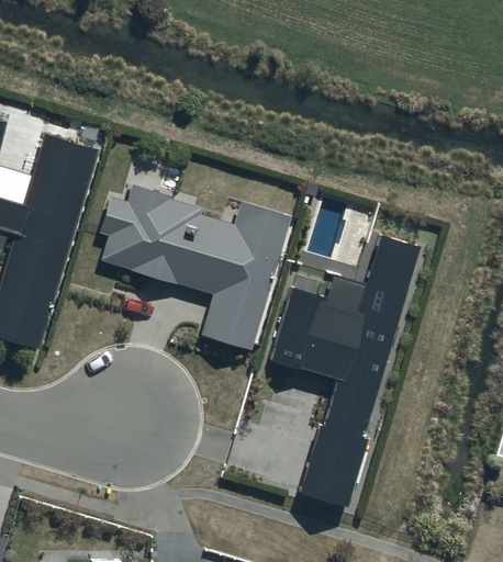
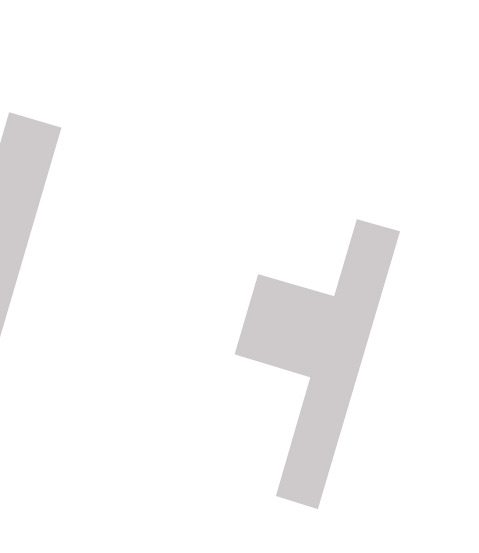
building: [97,188,287,352] -> none

